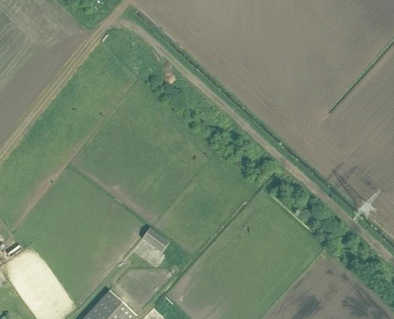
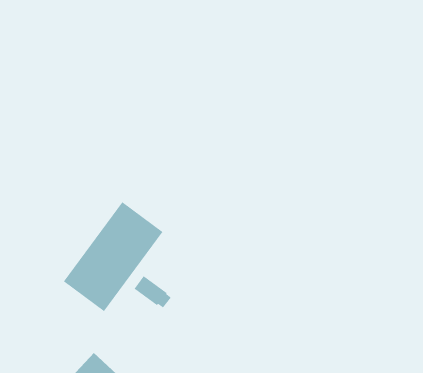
building: none -> [63,201,163,312]

